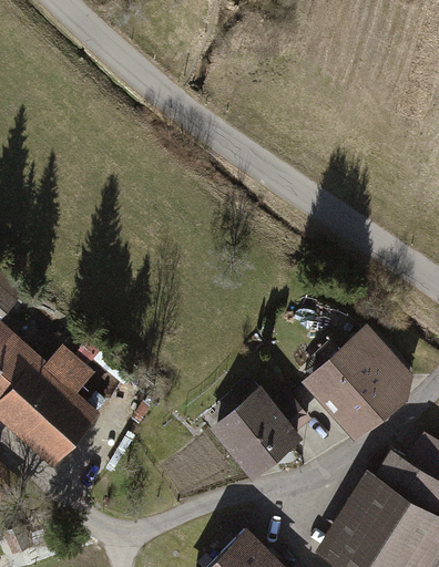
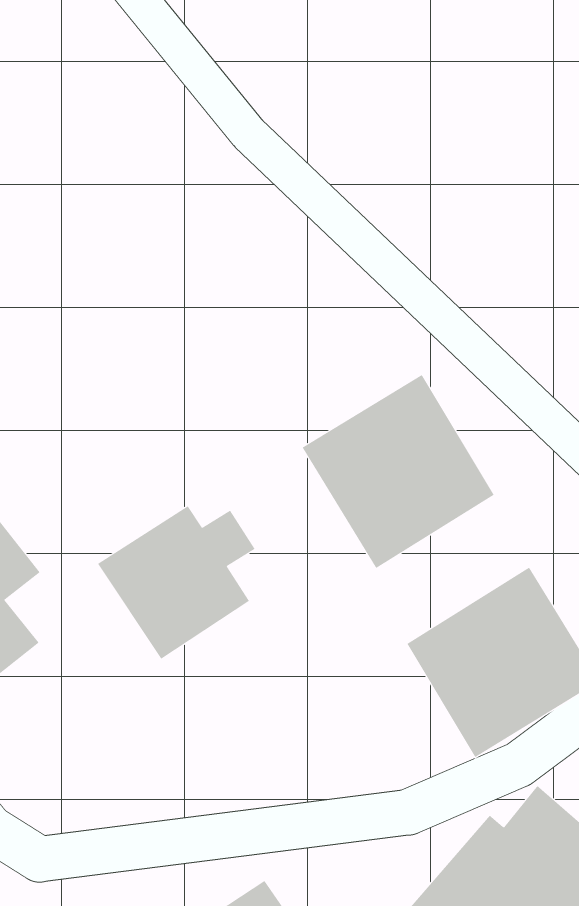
building: none -> [302,374,494,569]
building: [211,386,300,477] -> [97,505,256,660]

